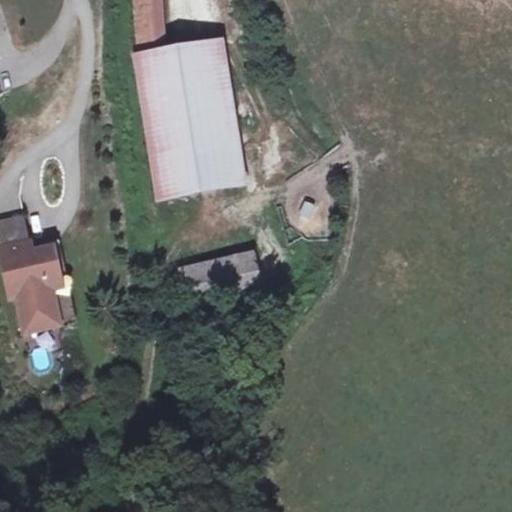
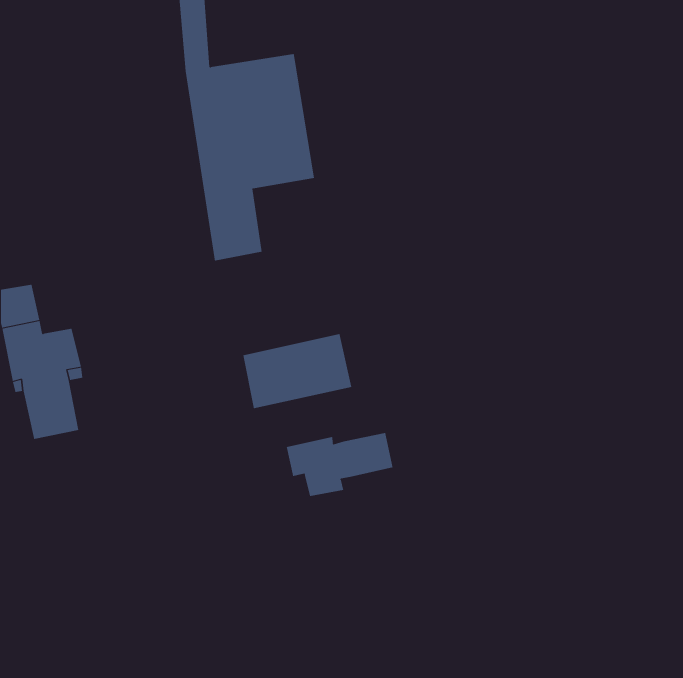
building: [190,133,243,188] -> none
building: none -> [286,432,393,497]

